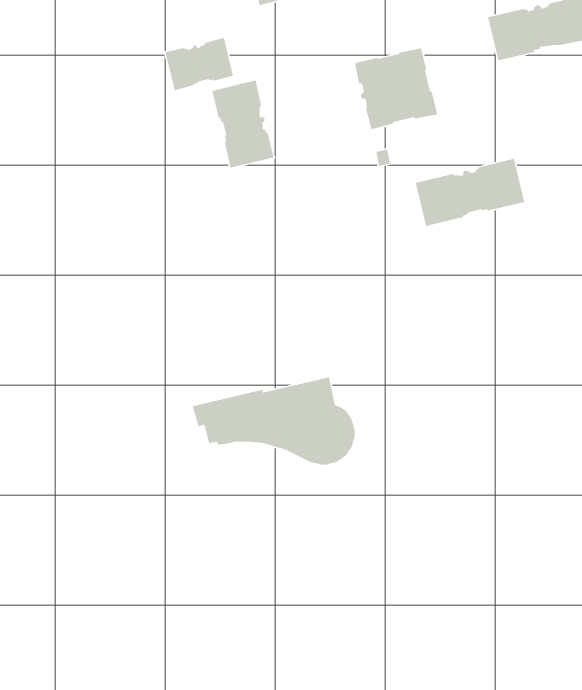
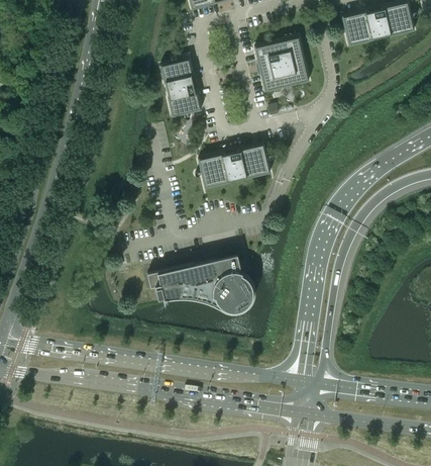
building: [165,37,234,91] -> none
building: [415,158,525,227] -> [197,145,270,190]

